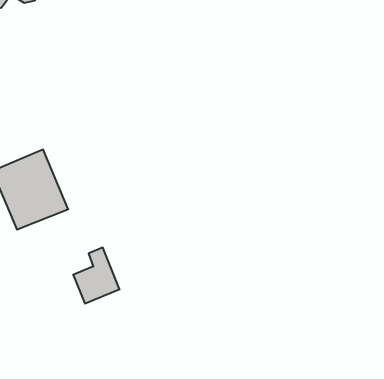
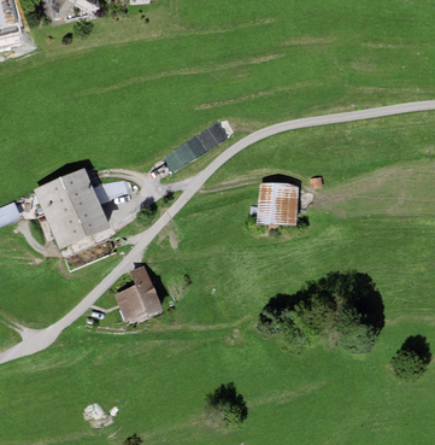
building: none -> [258,180,300,224]

